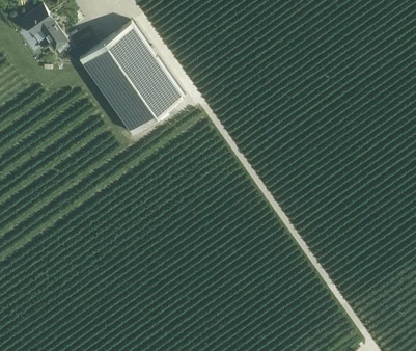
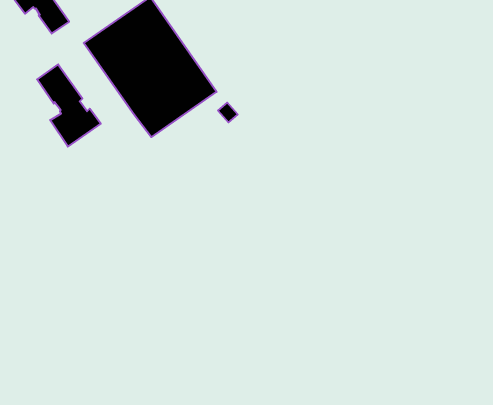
building: none -> [37,64,101,147]

